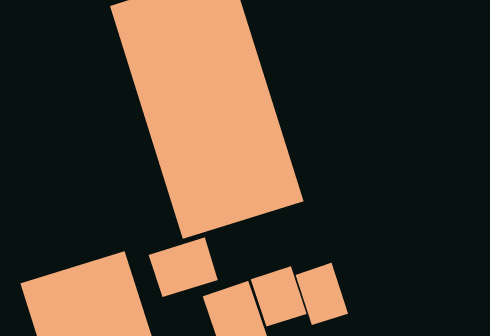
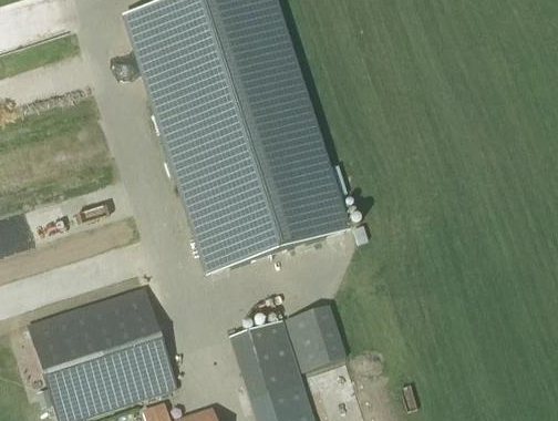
building: [148,236,219,298] -> none
building: [295,262,349,326] -> none

